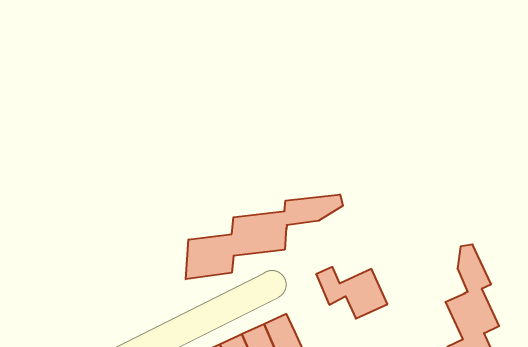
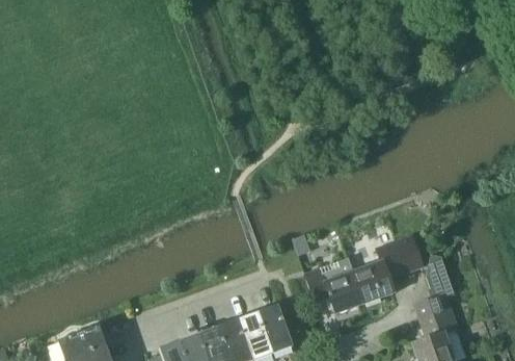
building: [186,194,343,279] -> none
building: none -> [353,235,423,303]

